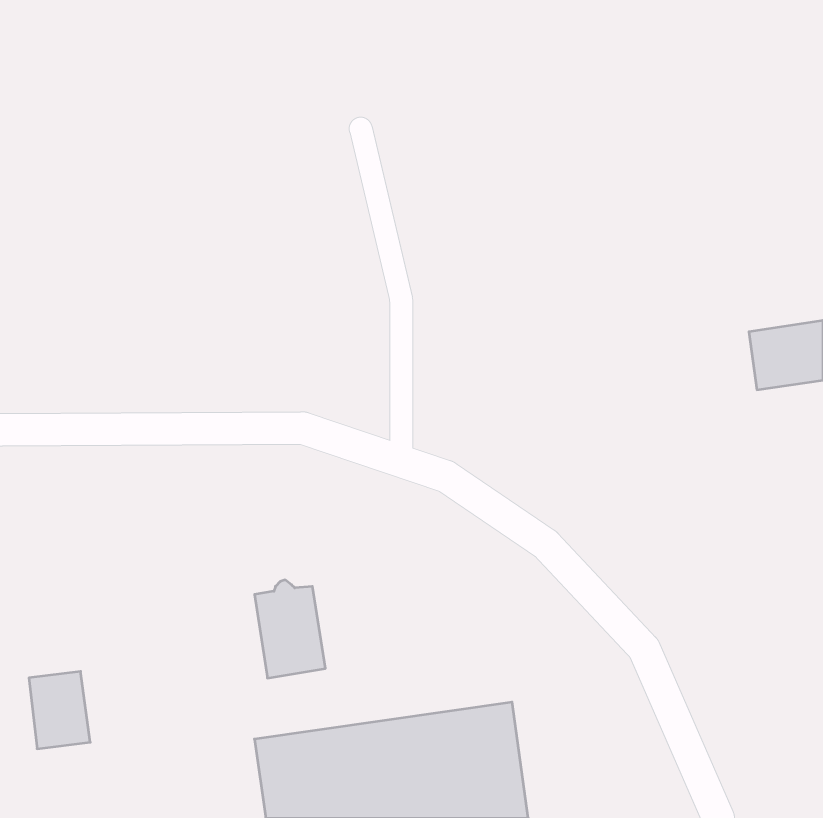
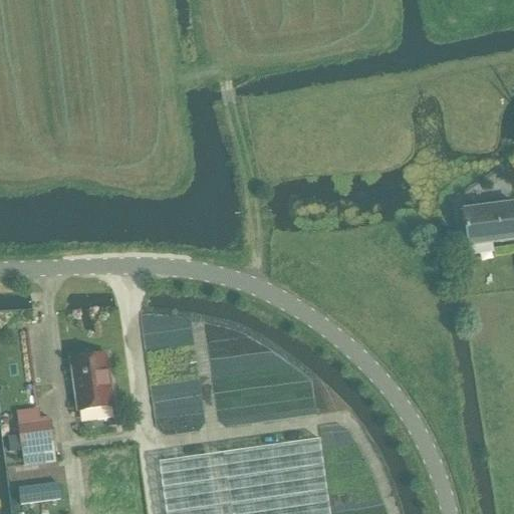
building: [255,580,325,678] -> [70,348,114,410]
building: none -> [18,482,60,503]

